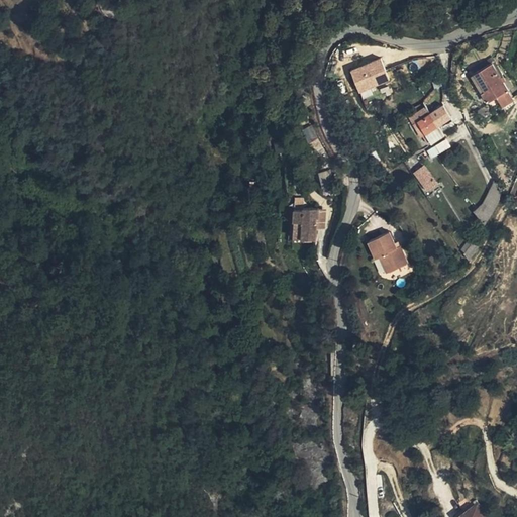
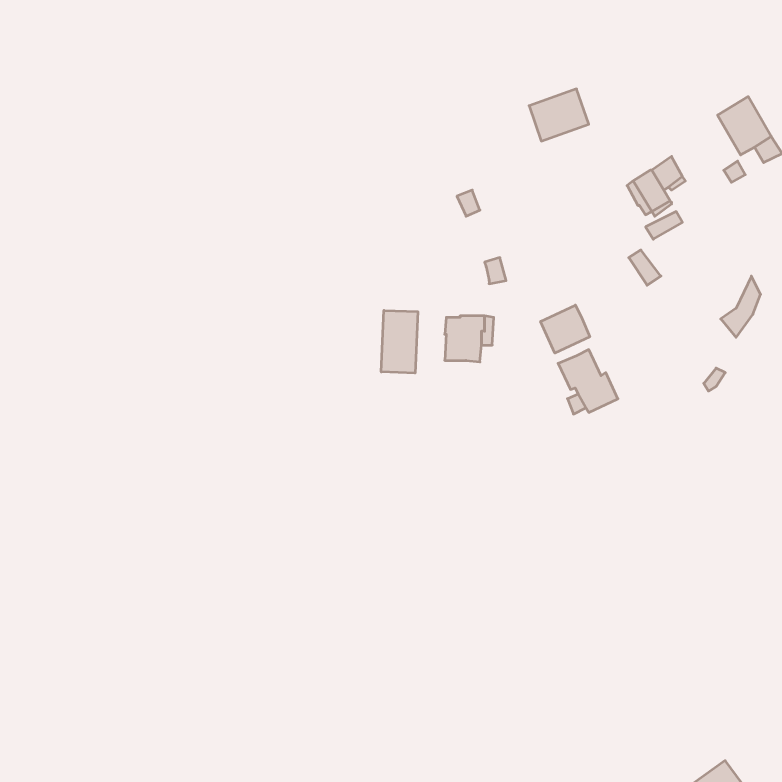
building: none -> [541,305,590,353]
building: none -> [381,310,418,373]

